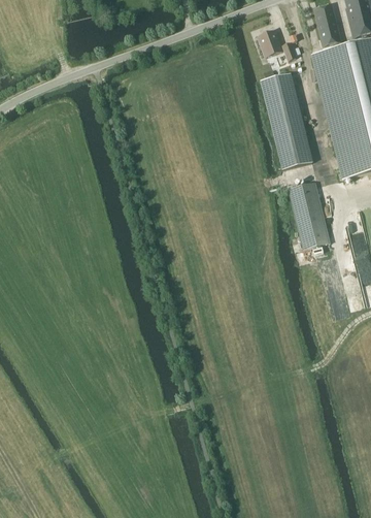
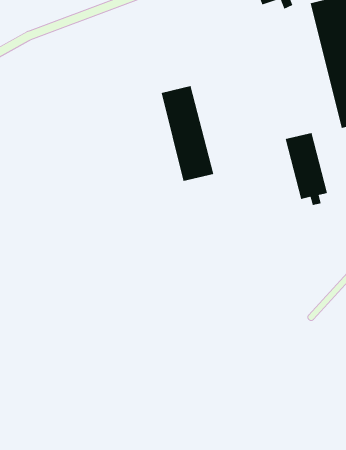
building: [260,72,312,167] -> [161,85,214,181]

